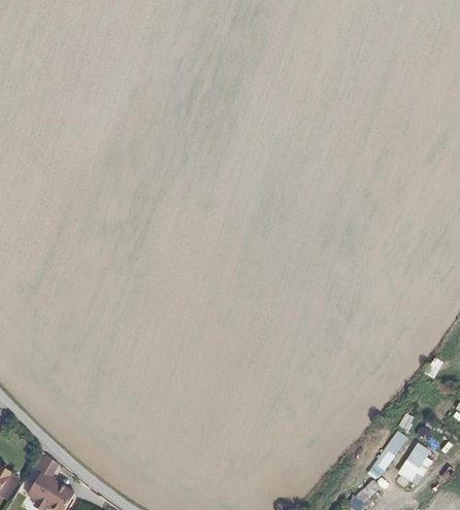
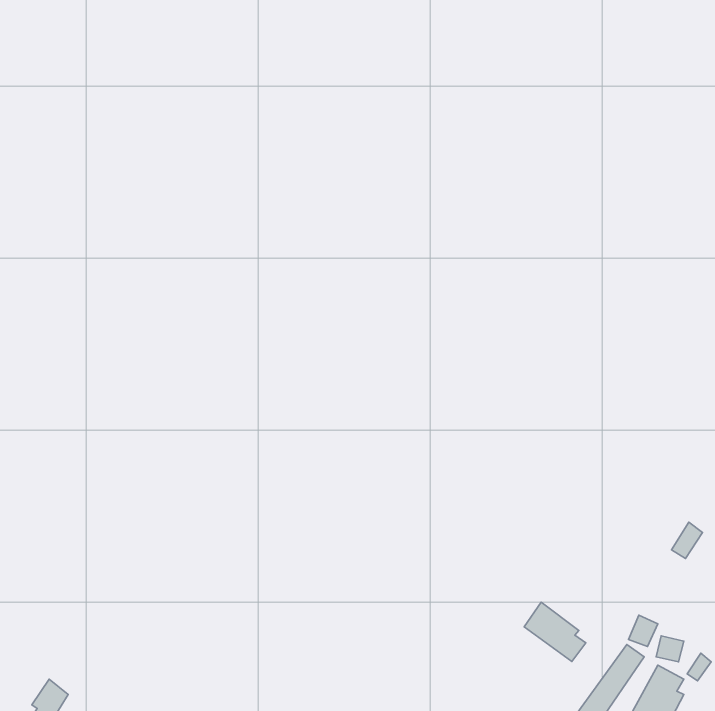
building: none -> [524,602,586,662]

